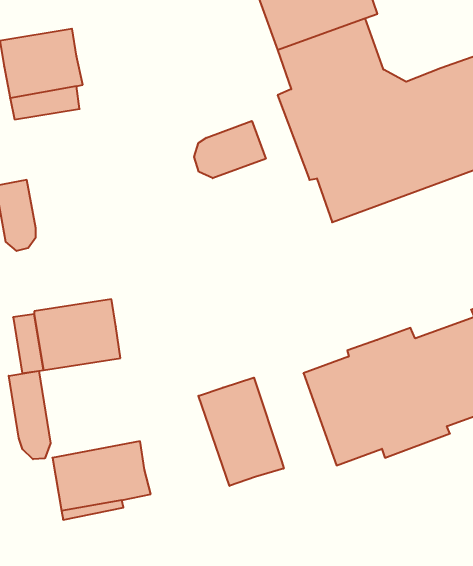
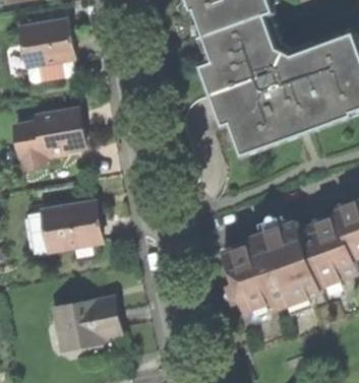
building: [194,121,266,178] -> none
building: none -> [34,109,82,154]
building: [9,371,51,459] -> none
building: [198,378,284,486] -> none

